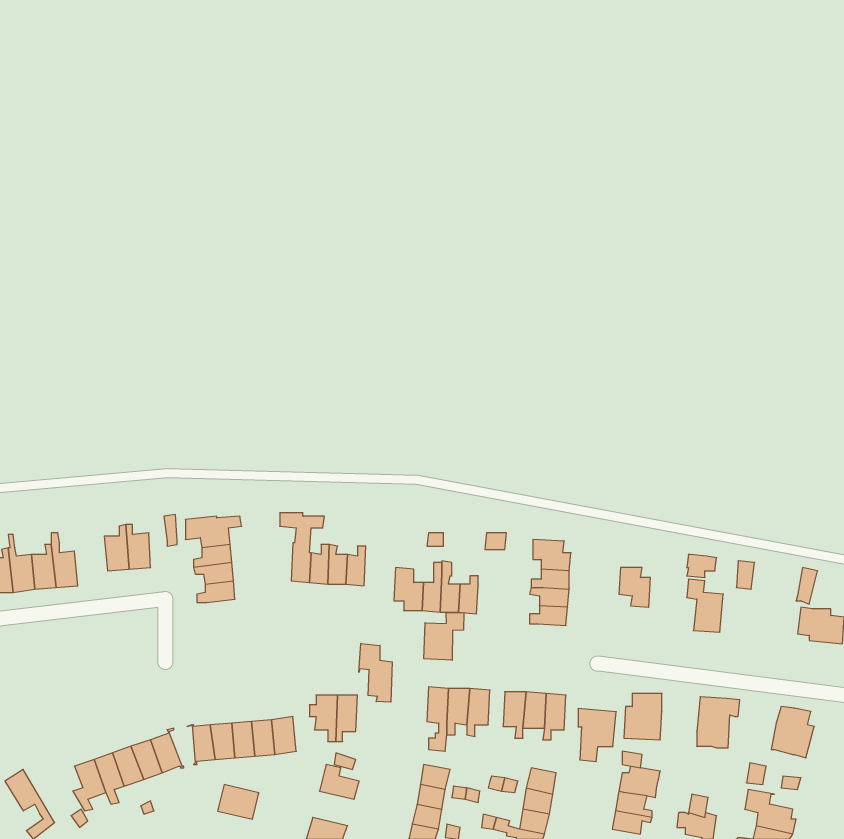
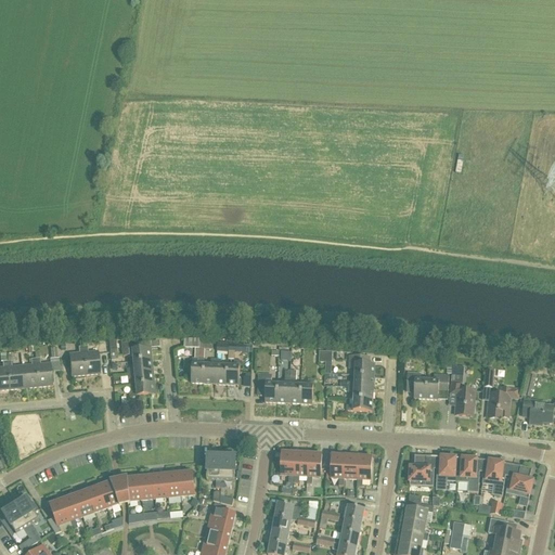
building: none -> [425,373,447,398]
building: none -> [486,387,517,417]
building: [424,612,464,660] -> none
building: [359,643,392,702] -> none
building: none -> [481,459,512,494]
building: [578,709,616,761] -> [434,454,459,489]
building: none -> [15,498,40,539]
building: [218,785,259,819] -> [205,518,232,541]

